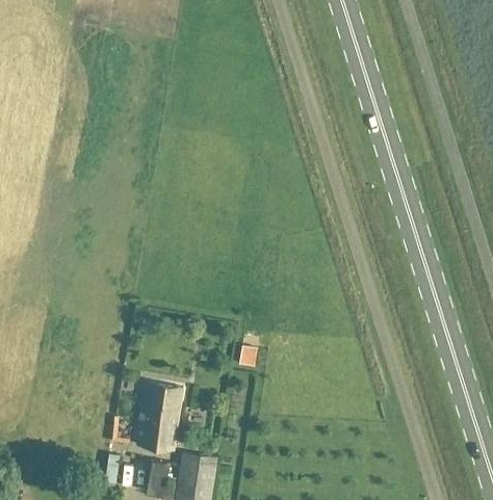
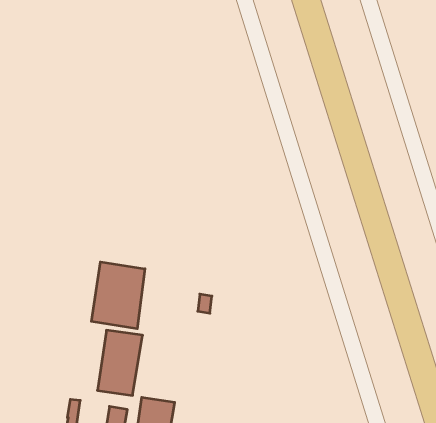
building: none -> [91,262,145,329]

